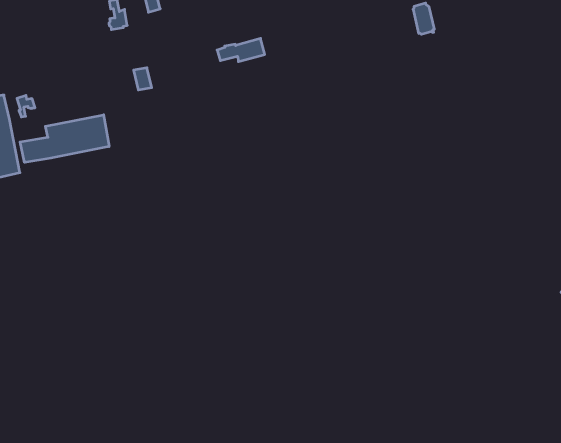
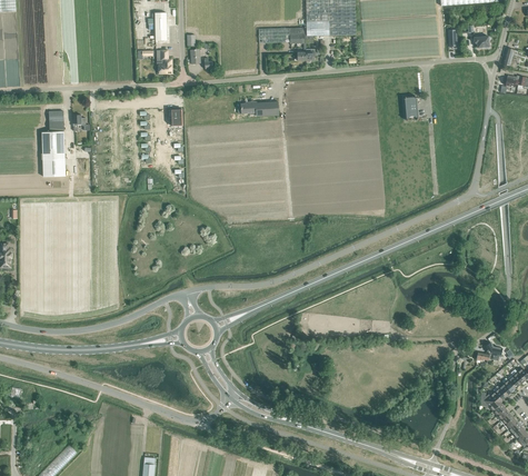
building: [20,115,109,162] -> none

